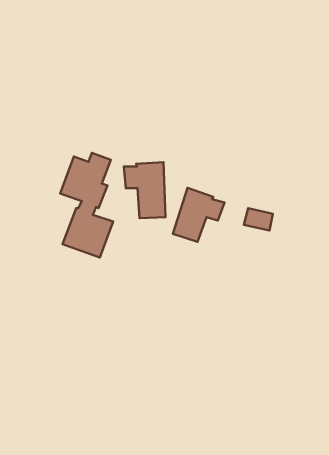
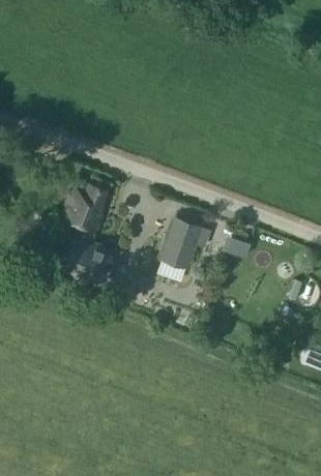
building: [124,162,166,218] -> none

